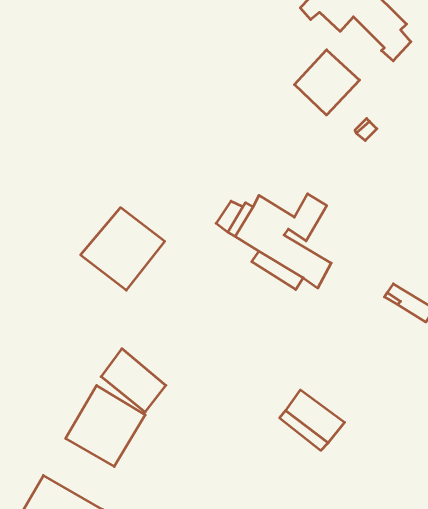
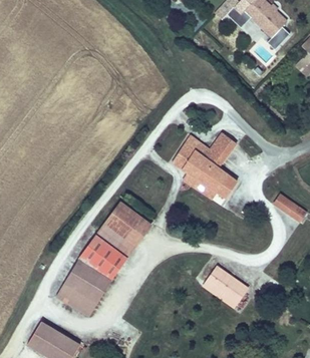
building: [294,50,360,115] -> none
building: [81,208,165,290] -> [95,206,152,262]

